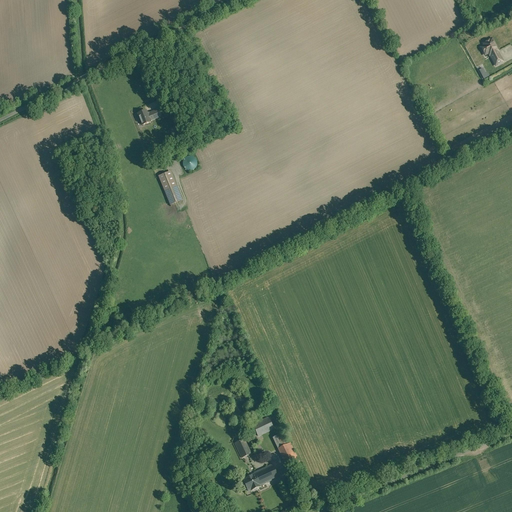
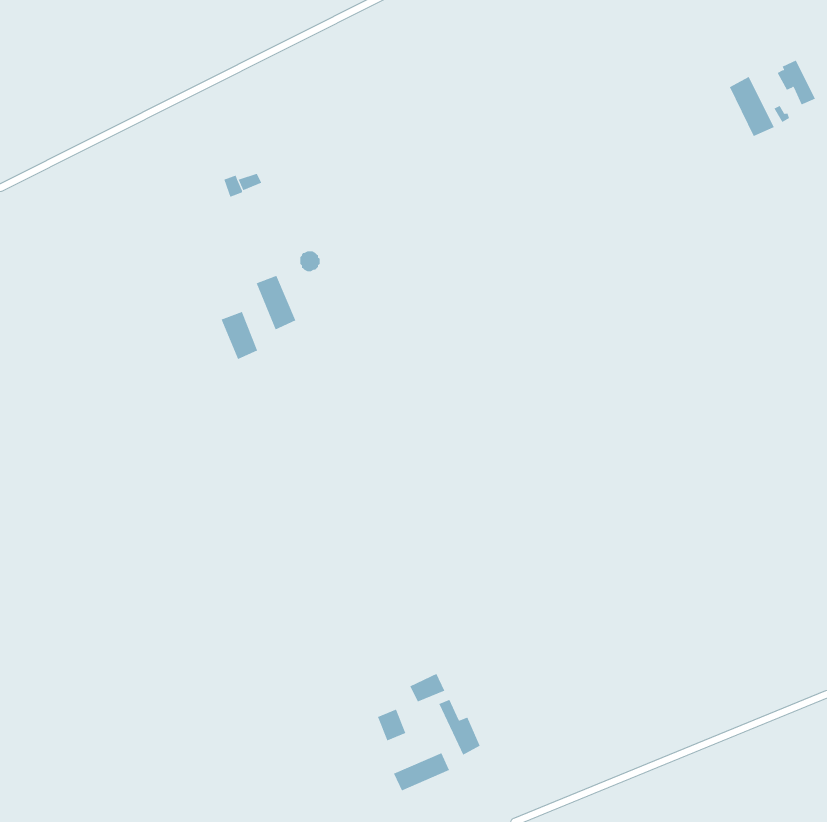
building: none -> [729,76,775,137]
building: none -> [221,311,258,360]

